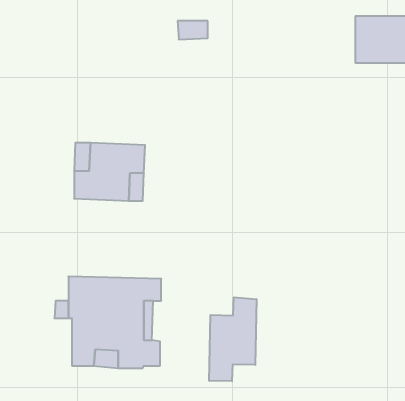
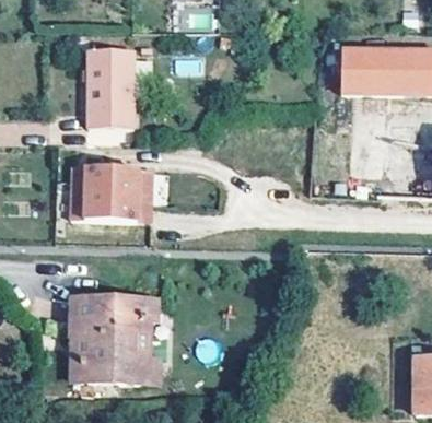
building: none -> [89,49,135,128]
building: [209,297,256,381] -> none

